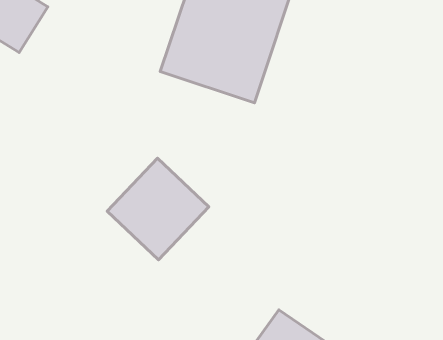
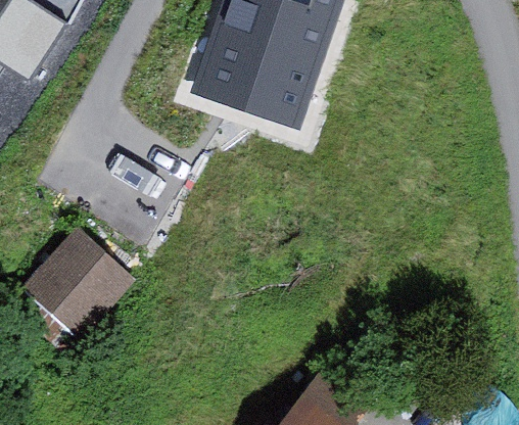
building: [107,158,209,260] -> [20,225,136,340]

